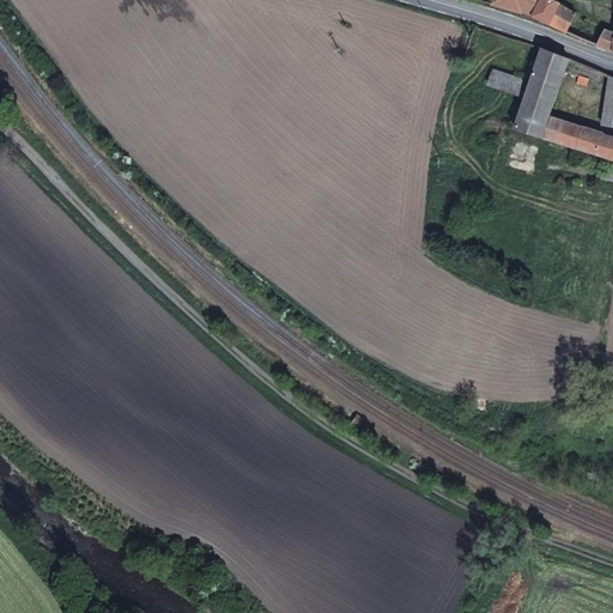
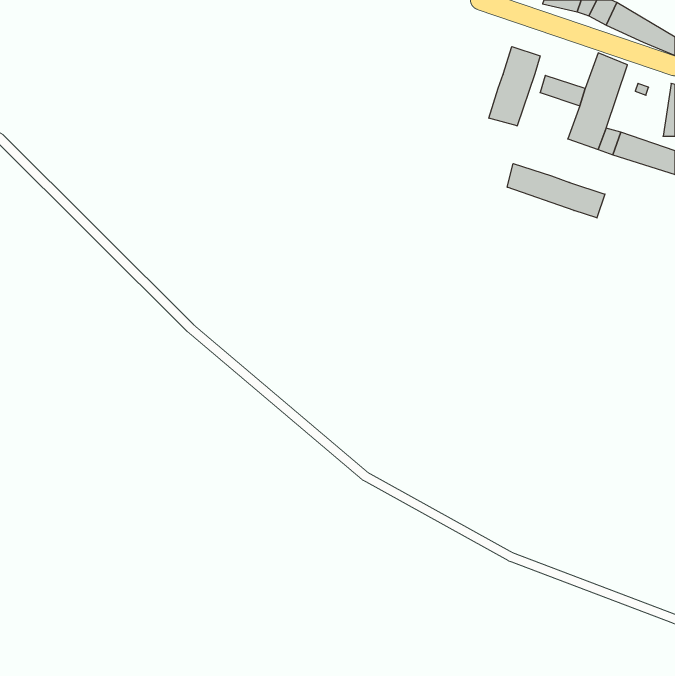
building: none -> [489,47,540,126]
building: none -> [507,164,605,218]

